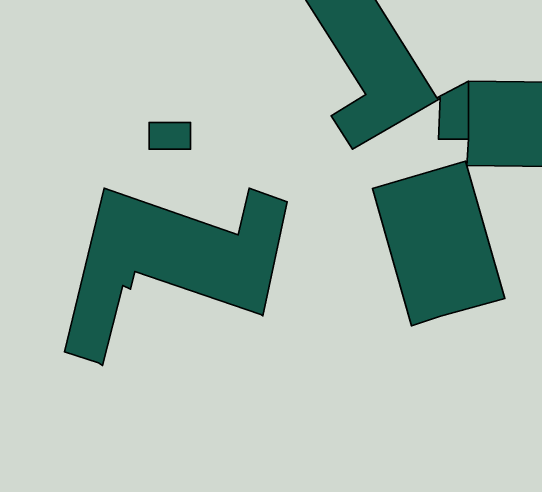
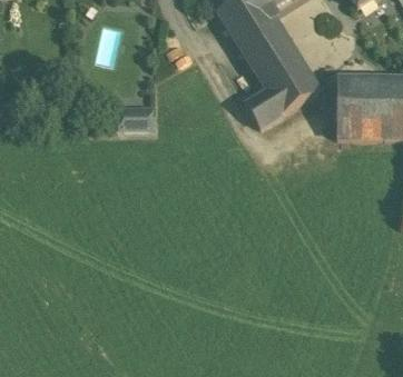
building: [372,161,505,326] -> none
building: [65,188,287,366] -> none

